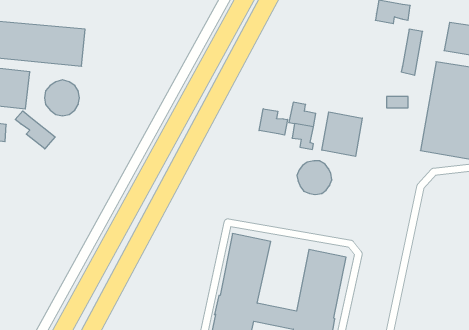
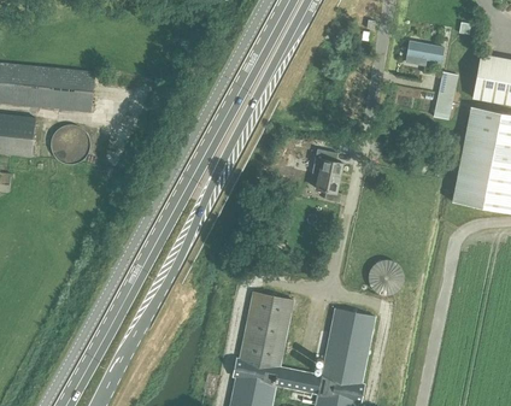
building: [259,109,288,135] -> none
building: [15,111,55,149] -> none
building: [322,112,362,156] -> none
building: [297,161,332,195] -> [368,261,405,298]

